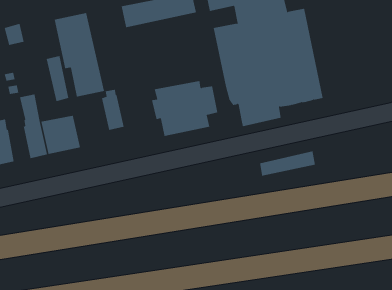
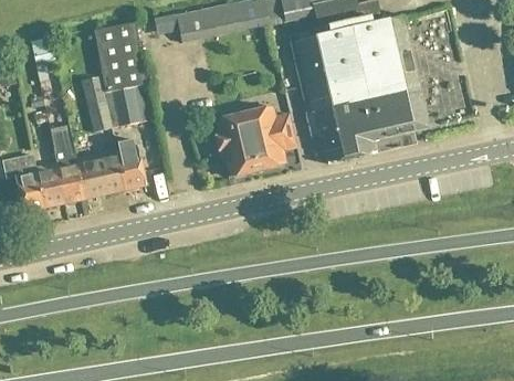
building: [101,89,124,130] -> [115,138,144,189]
building: none -> [34,162,61,207]
building: [260,150,315,177] -> none

